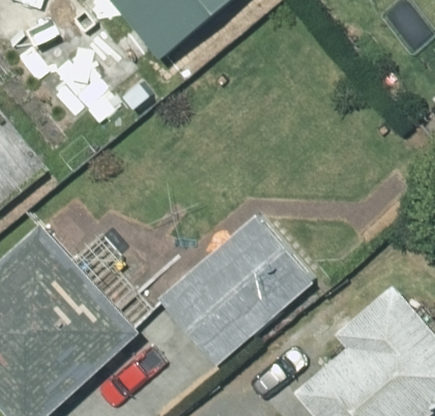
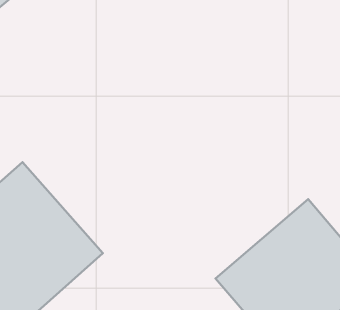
building: [156,218,311,368] -> none

